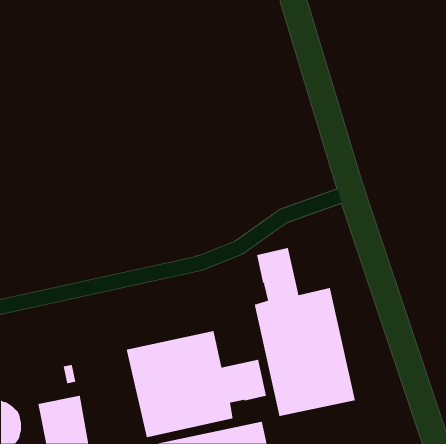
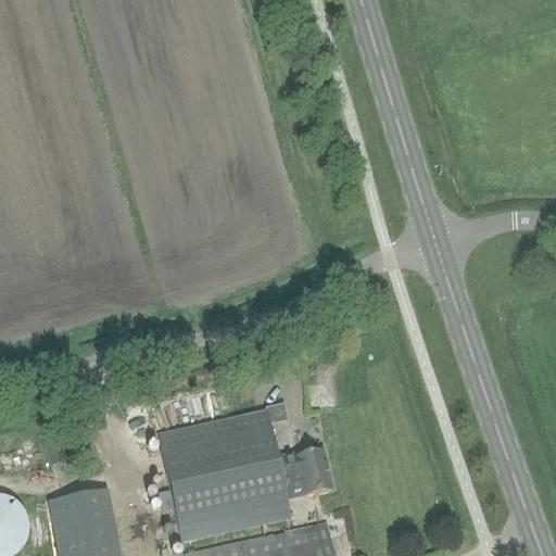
building: [254,247,355,417] -> none

